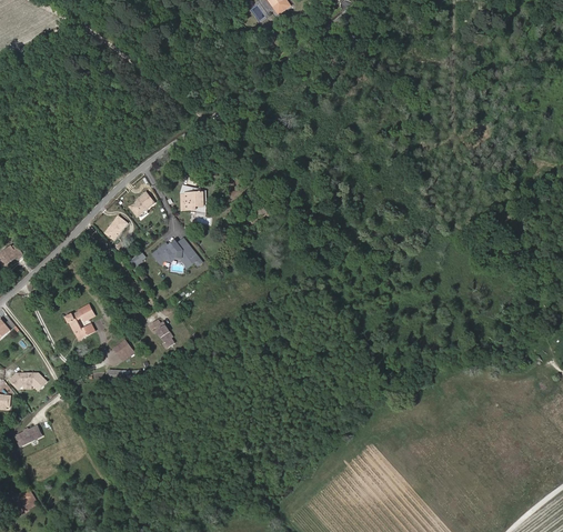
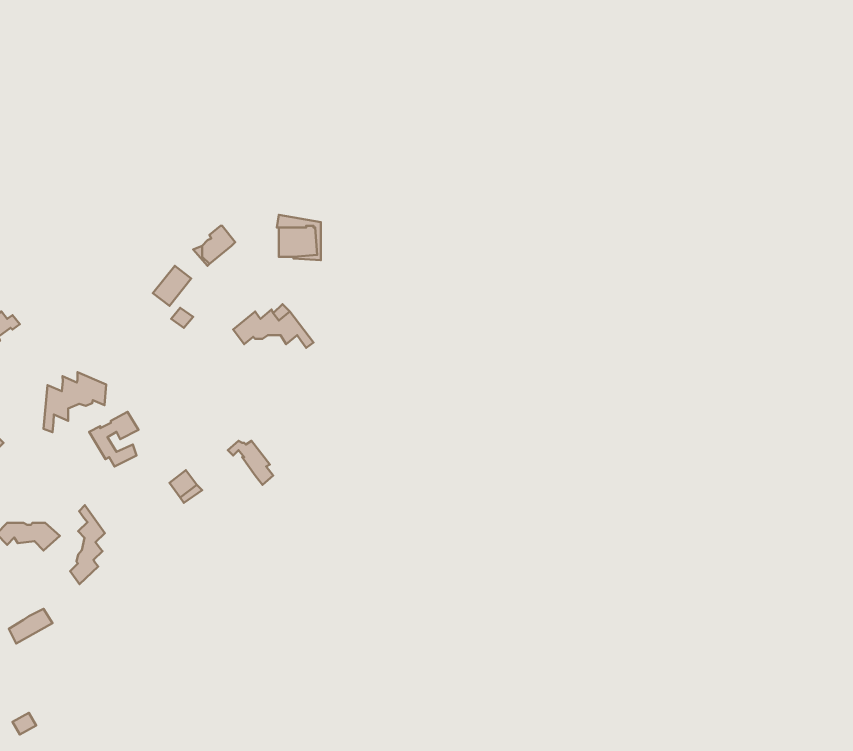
building: none -> [43,372,106,432]
building: none -> [70,505,105,584]

